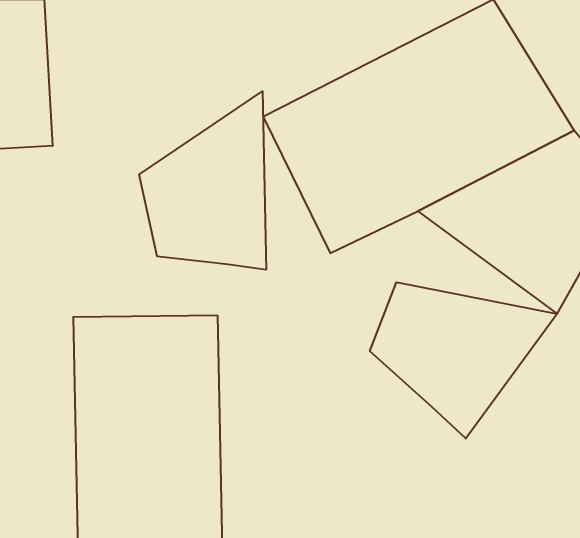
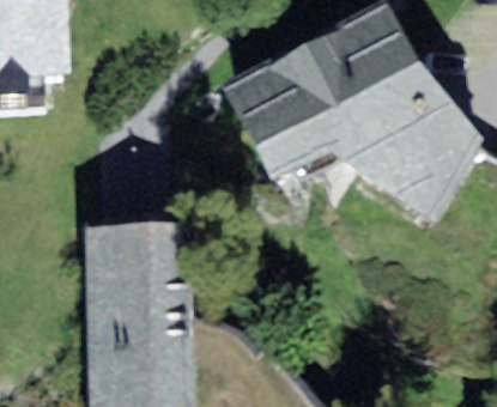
building: [139,91,266,270] -> none
building: [370,282,557,439] -> none

